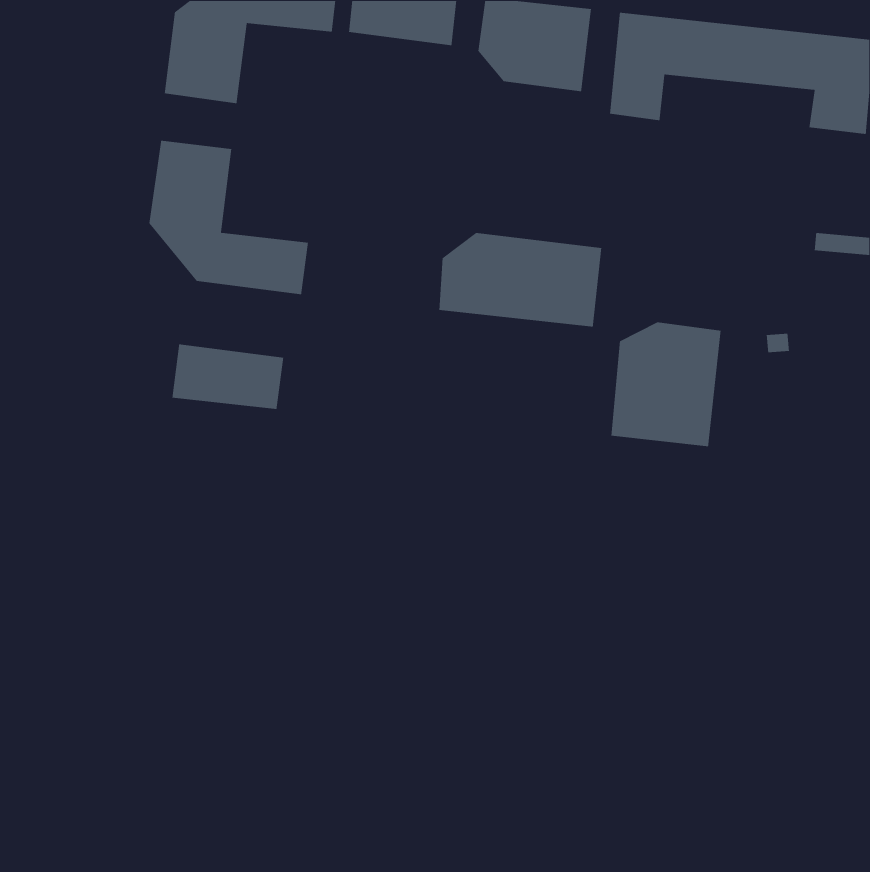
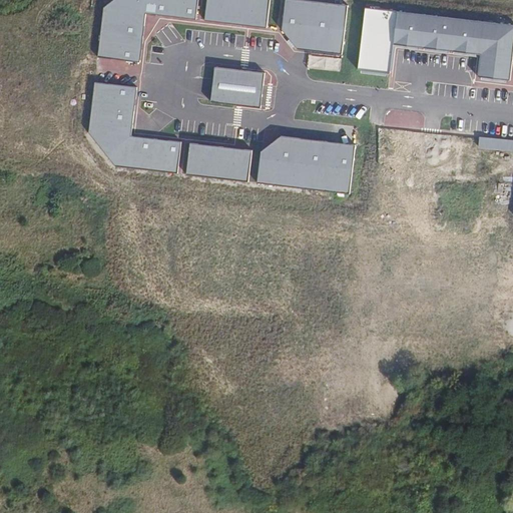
building: none -> [210,67,264,108]
building: [610,321,722,447] -> none
building: [172,343,284,410] -> [185,142,251,181]

